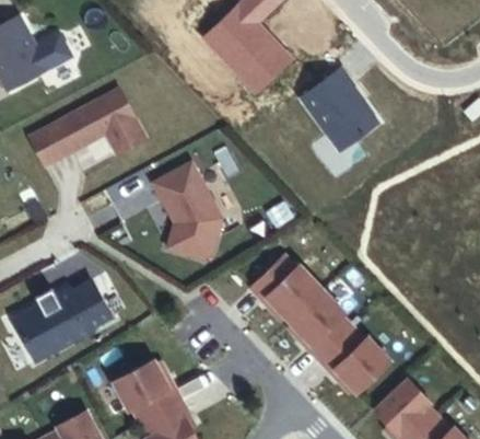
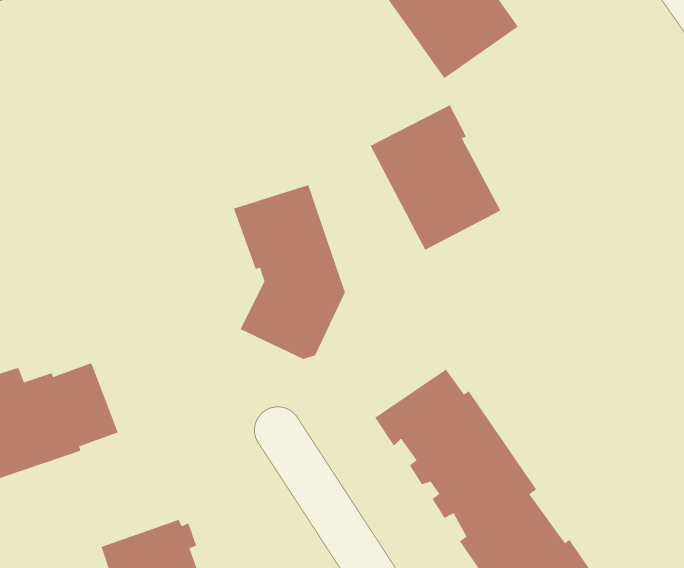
building: [302,69,379,151] -> [369,104,502,251]
building: [30,91,142,167] -> none

